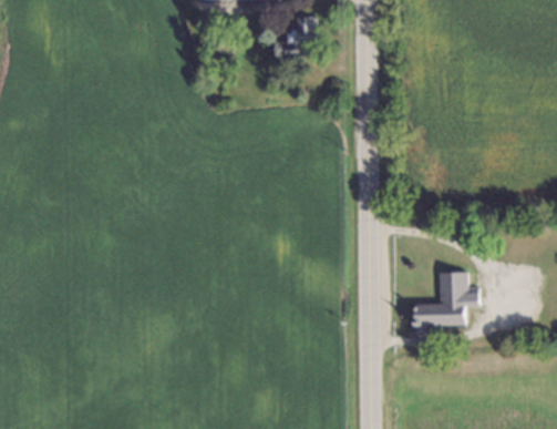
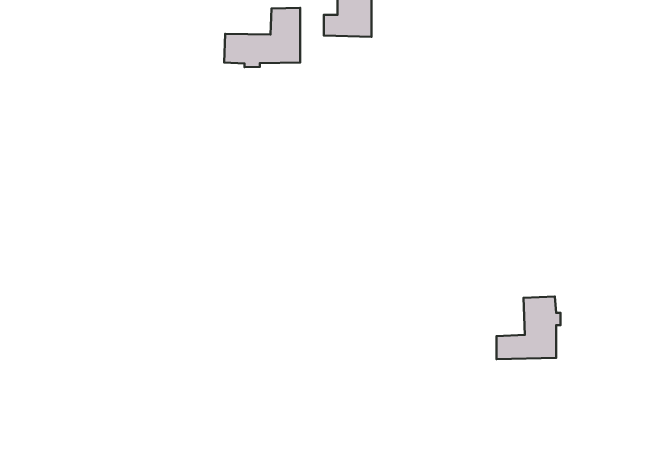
building: none -> [224,8,300,67]

